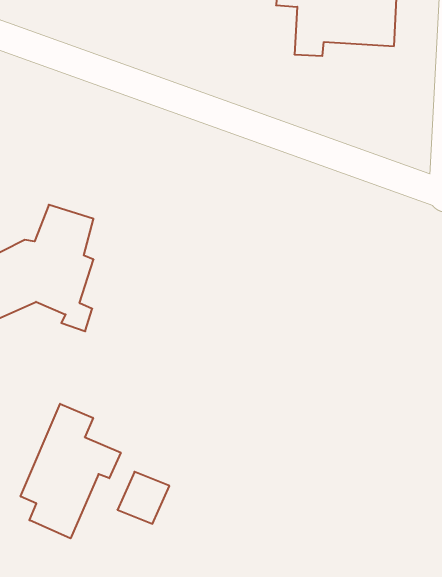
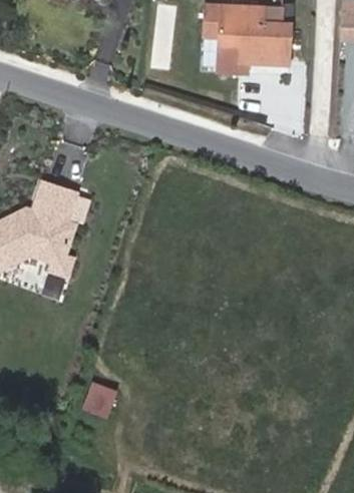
building: [21,404,121,538] -> none

